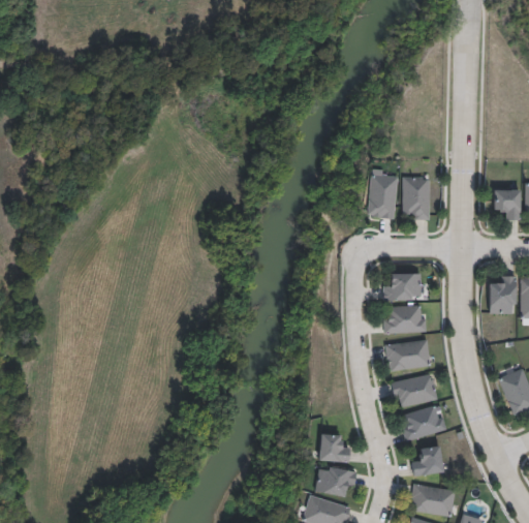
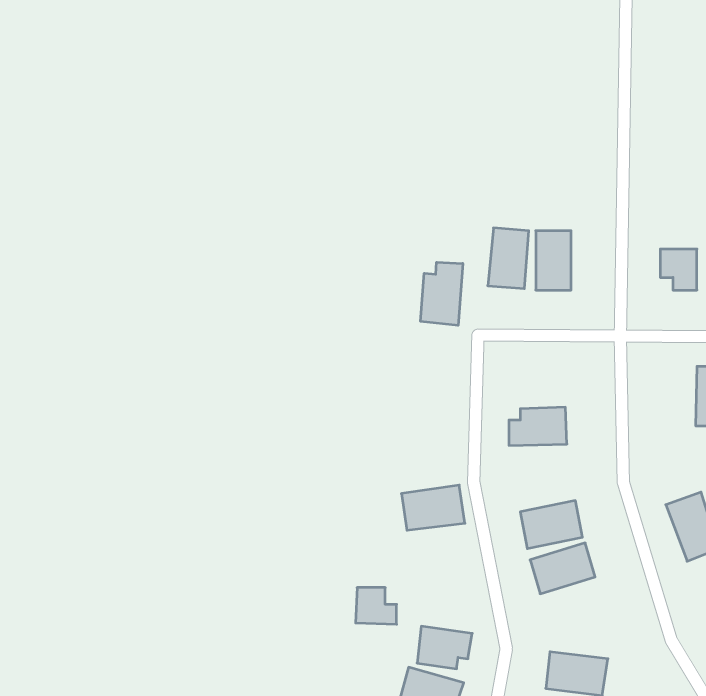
building: none -> [421,262,463,325]
building: [383,273,421,300] -> none
building: [489,275,517,313] -> none
building: [384,338,431,371] -> [401,485,465,530]
building: [319,434,349,461] -> [356,588,397,624]
building: [411,445,443,475] -> none

